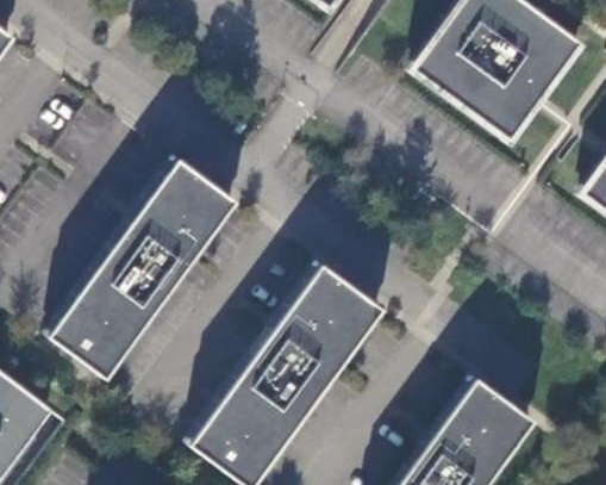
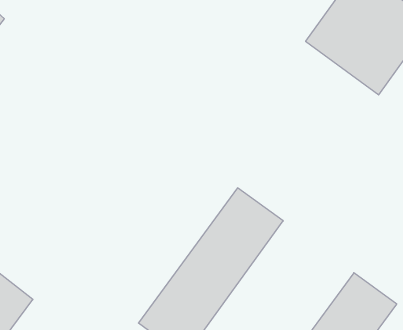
building: [48,157,235,378] -> none

